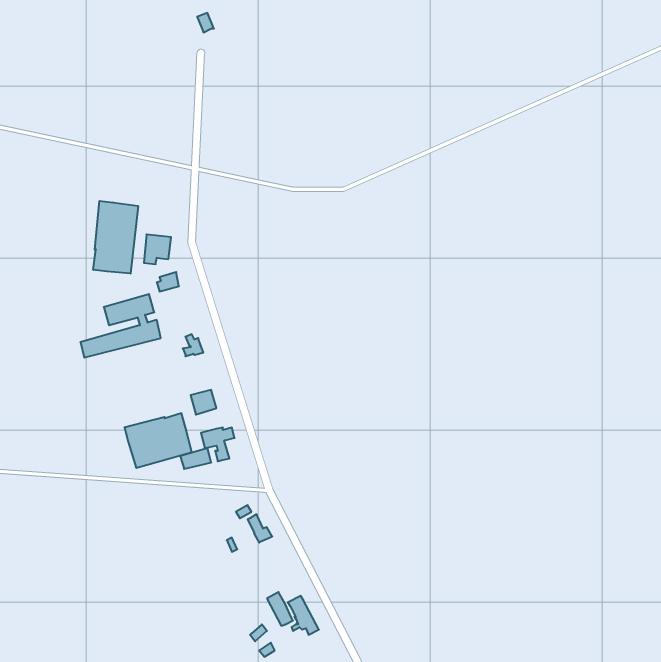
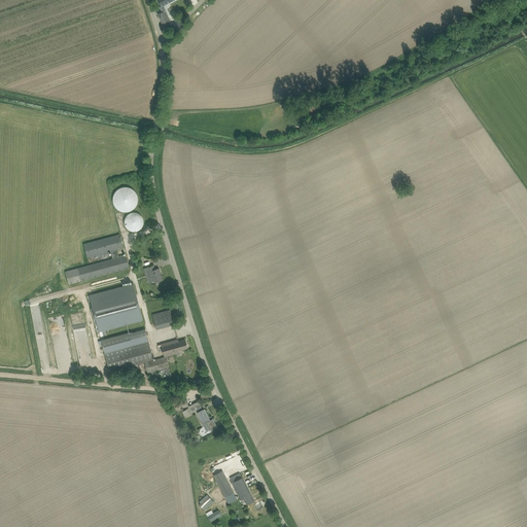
building: [93,201,138,274] -> none
building: none -> [89,284,142,335]

